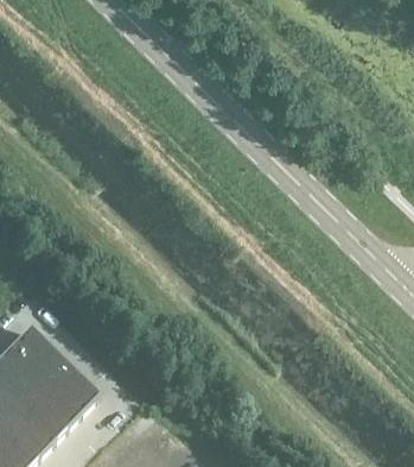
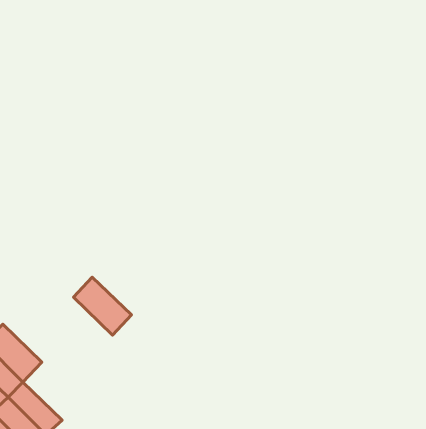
building: [46,364,97,415] -> [73,277,131,335]

